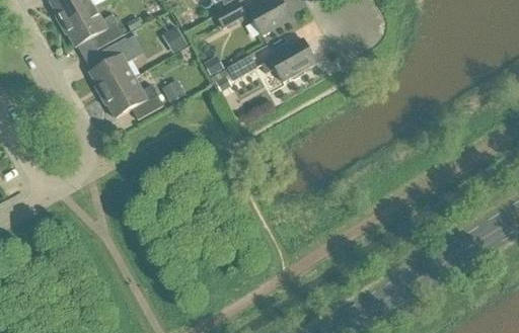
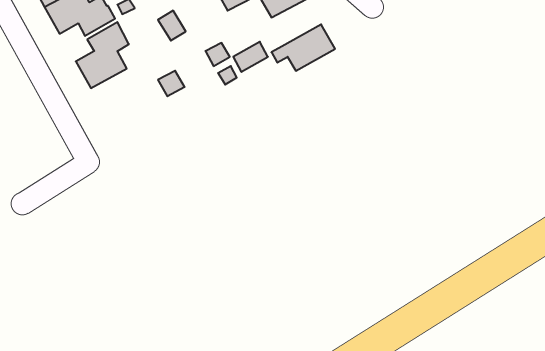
building: [102,77,163,119] -> none

